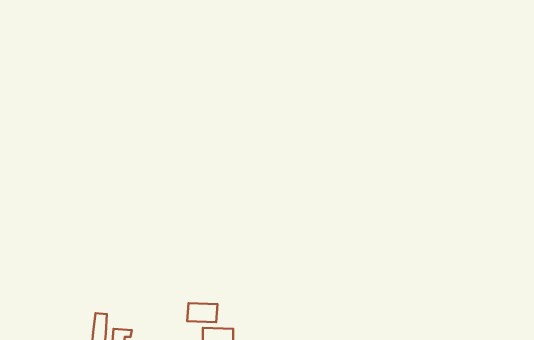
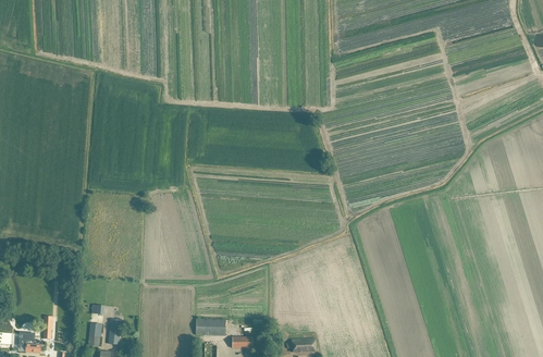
building: [187,303,217,322] -> none

